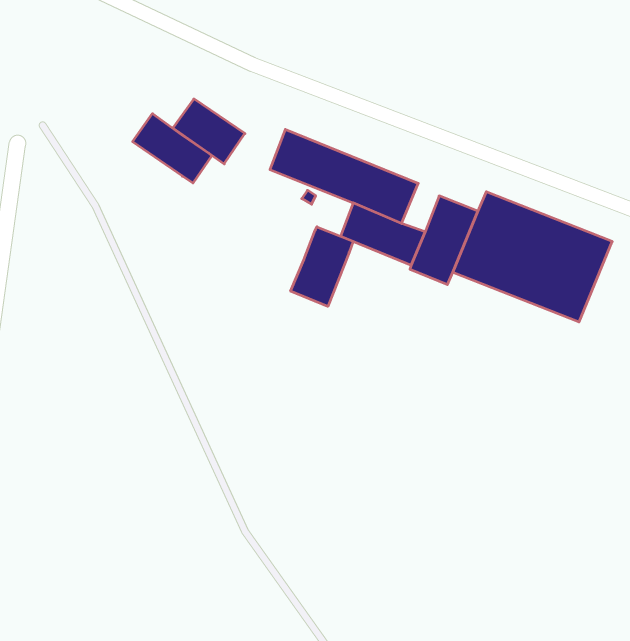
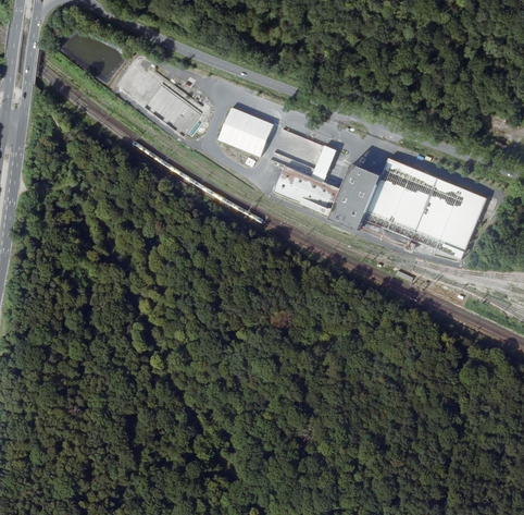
building: [133,114,212,183] -> none
building: [291,227,353,306] -> none

